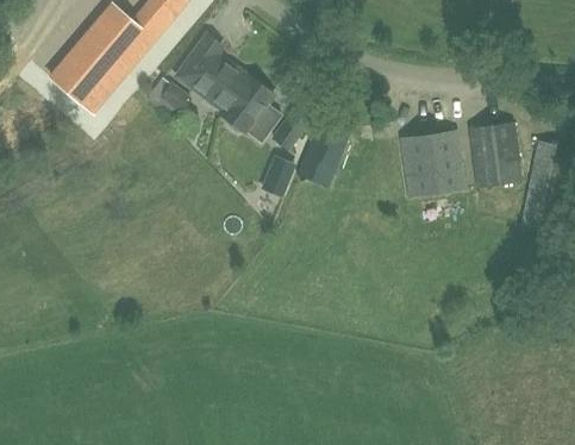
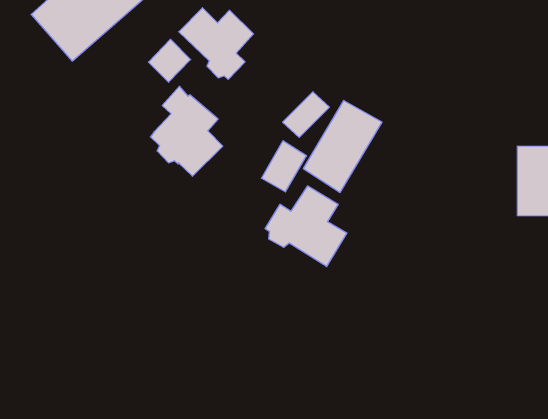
building: [221,68,282,140] -> [150,86,223,176]
building: [402,130,465,195] -> none
building: none -> [265,186,347,267]

